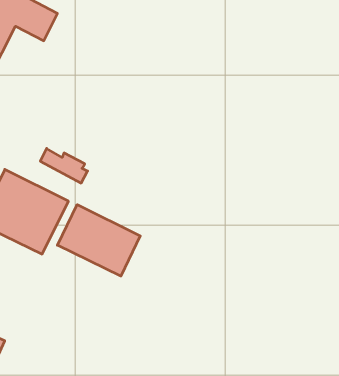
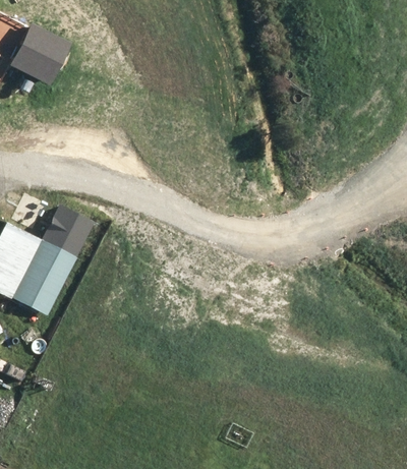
building: [57,205,140,276] -> none

